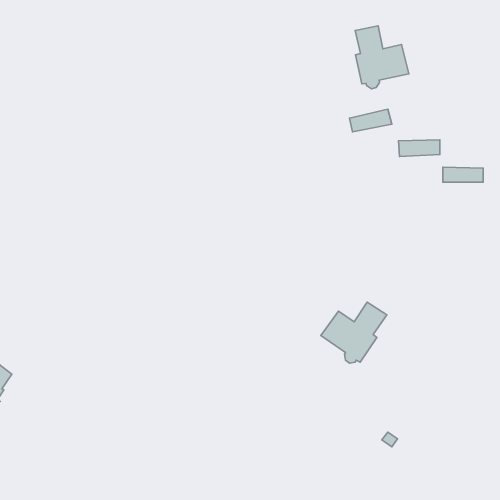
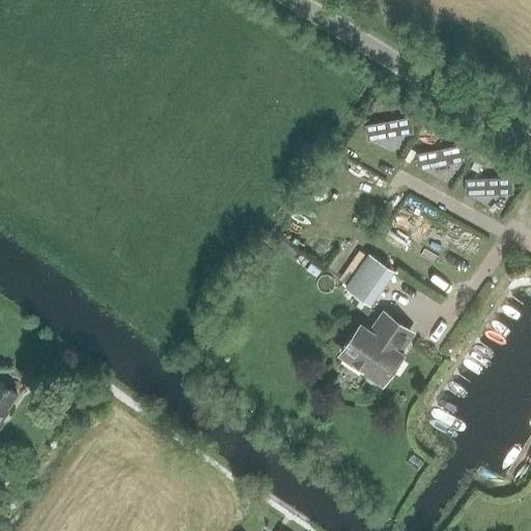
building: [355,26,409,89] -> none
building: none -> [347,249,398,306]

